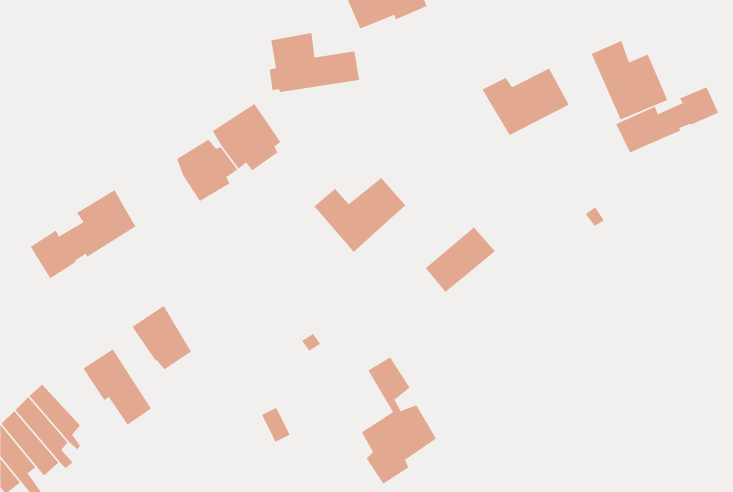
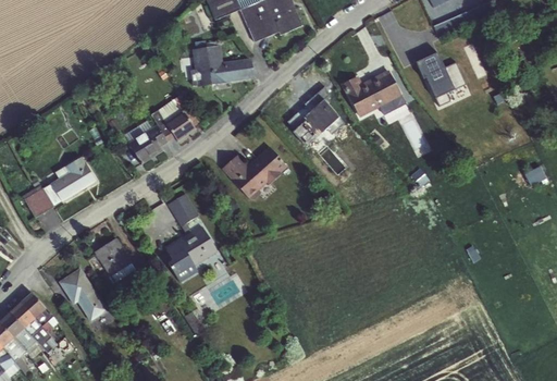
building: [615,86,719,153] -> none
building: [425,227,496,293] -> [292,99,342,146]
building: [361,357,437,485] -> [164,194,218,284]

